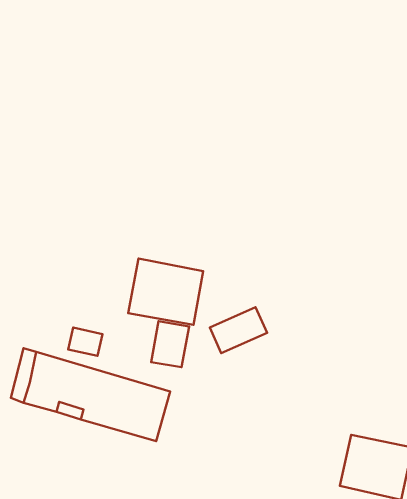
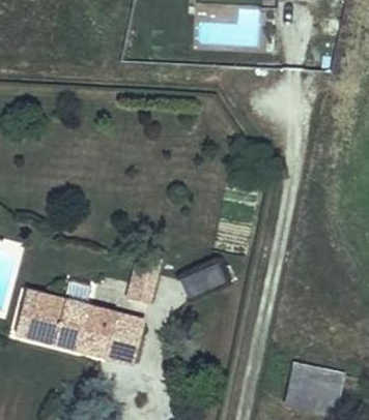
building: [128,258,203,325] -> none

